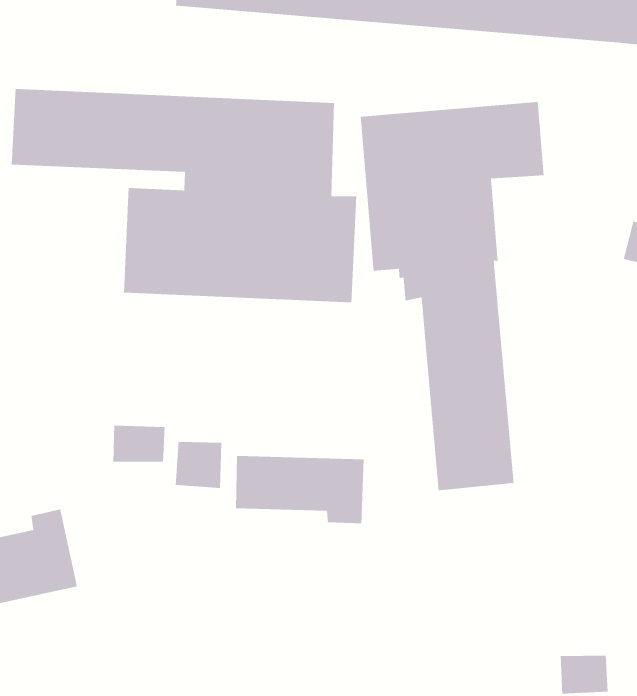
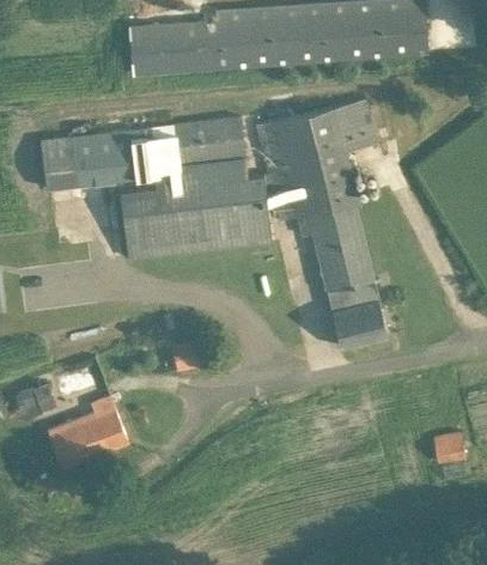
building: [112,425,165,462] -> none
building: [235,455,364,524] -> none

